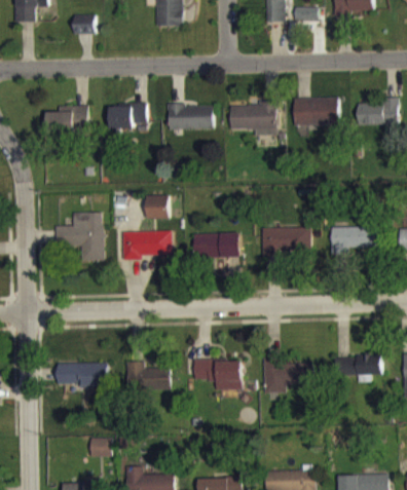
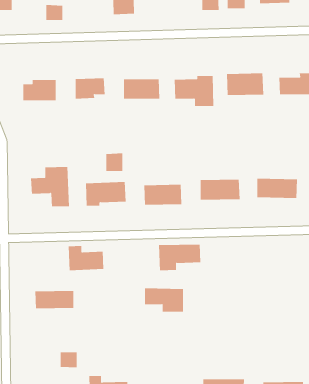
building: [333,354,380,382] -> none
building: [125,361,170,391] -> [68,245,104,271]
building: [262,361,314,393] -> [158,244,201,271]

